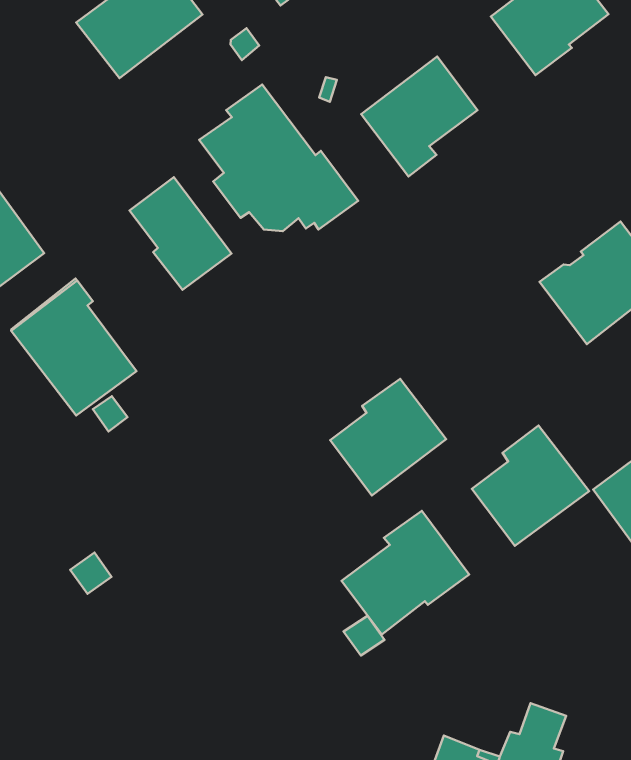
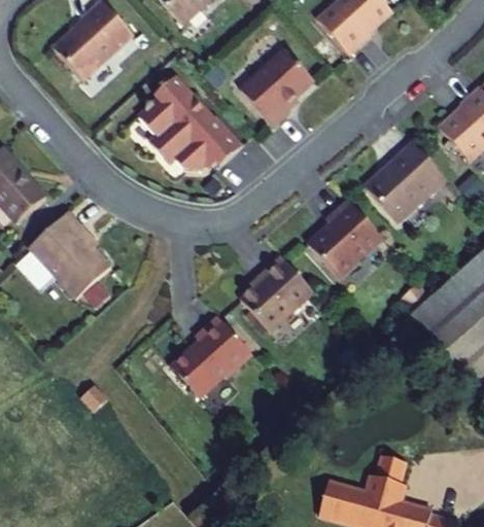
building: [130,177,231,290] -> none
building: [472,426,589,546] -> [307,199,382,277]
building: [341,511,469,634] -> [170,316,251,397]

